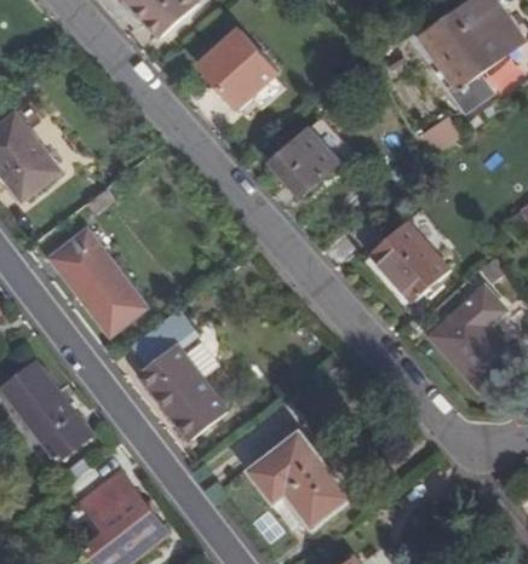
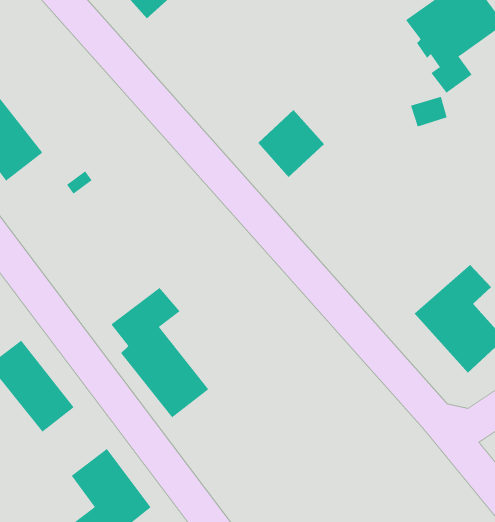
building: [202,29,286,109] -> none
building: [374,220,450,300] -> none
building: [46,231,143,334] -> none
building: [249,427,348,535] -> none

